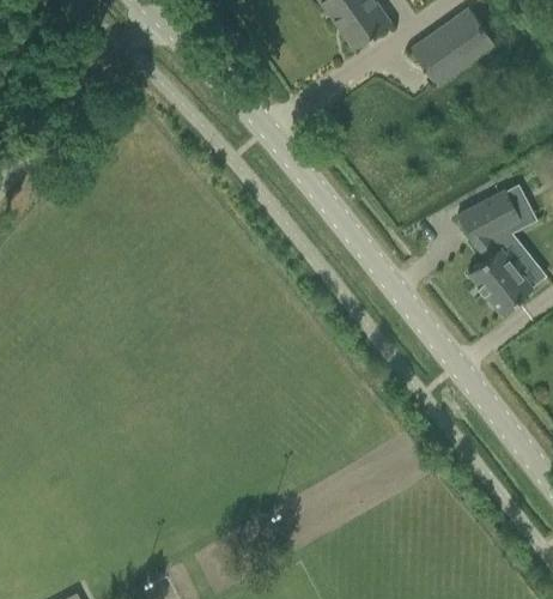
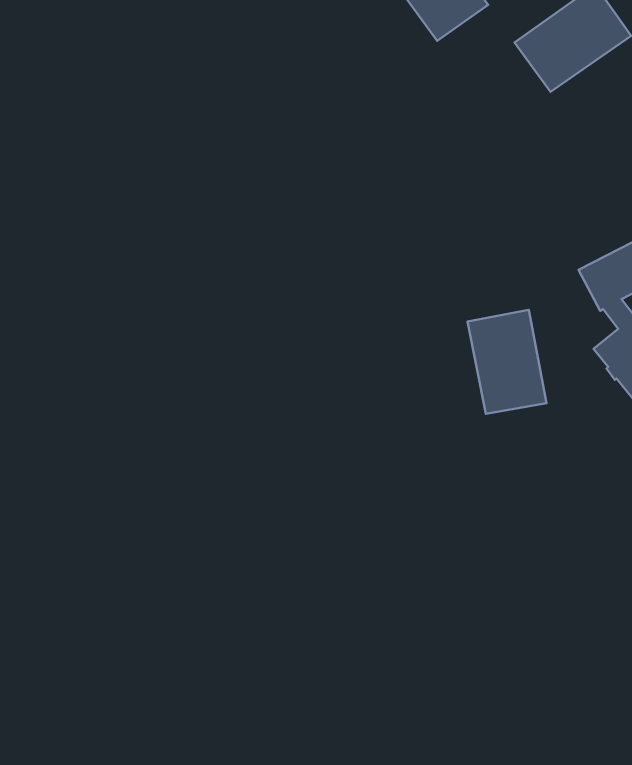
building: none -> [467,310,546,414]

